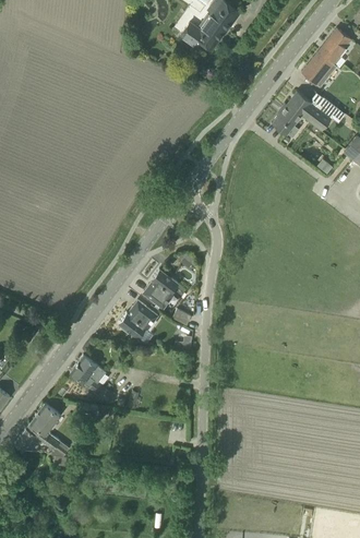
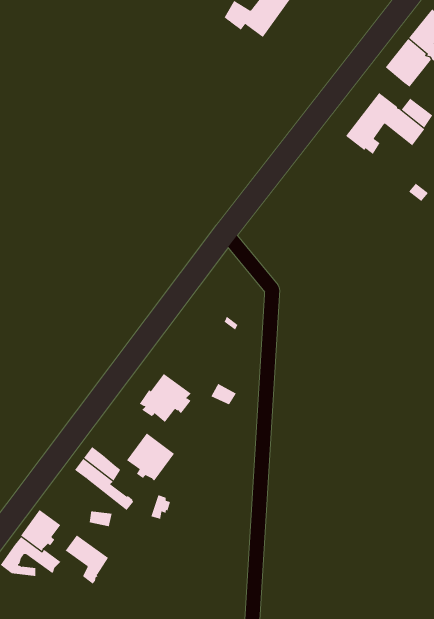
building: [142,268,178,309] -> none
building: none -> [126,432,175,481]
building: none -> [65,535,109,584]

